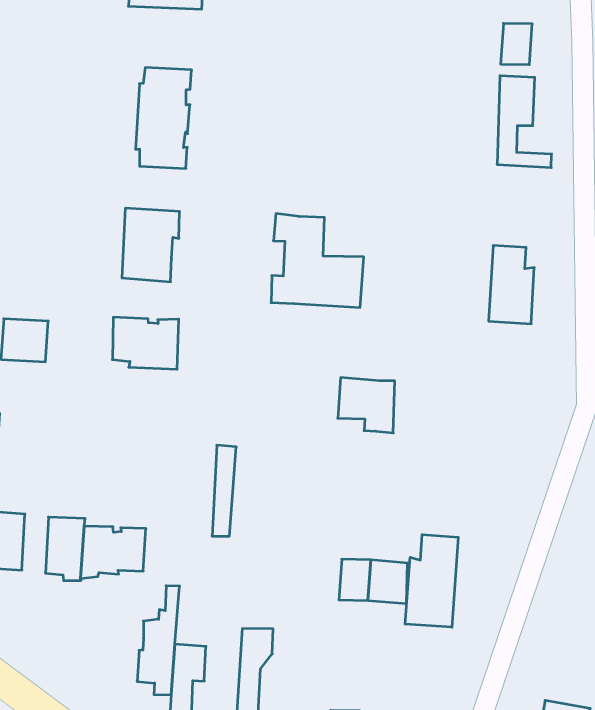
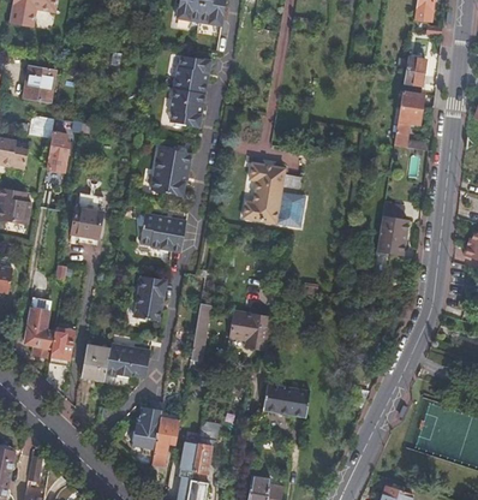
building: [338,378,395,433] -> [231,309,269,347]
building: none -> [133,275,166,321]
building: [405,535,458,627] -> none

